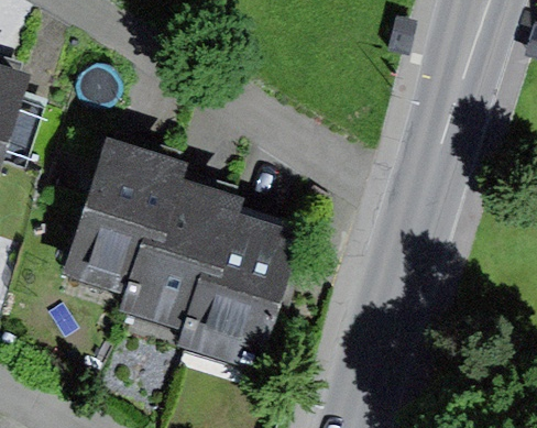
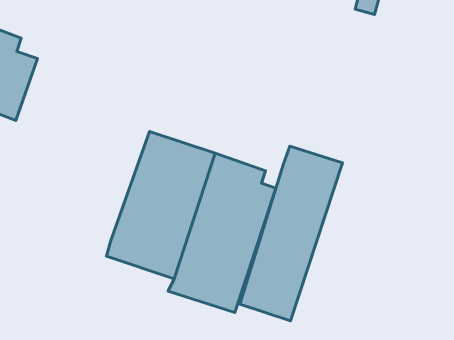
building: [56,136,172,294] -> none
building: none -> [240,146,342,321]

